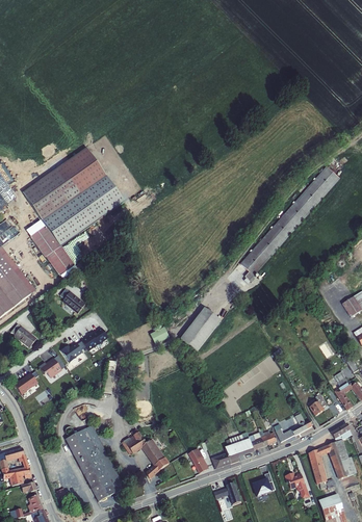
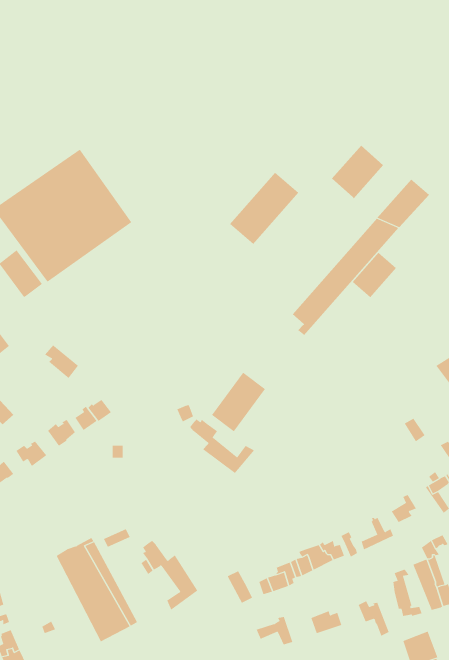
building: none -> [331,145,384,199]
building: none -> [229,172,299,245]
building: none -> [352,252,397,298]
building: [46,243,78,279] -> none
building: none -> [189,418,255,474]

